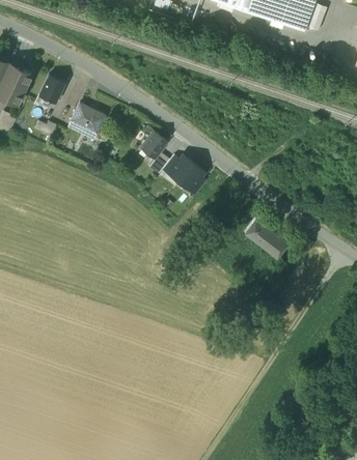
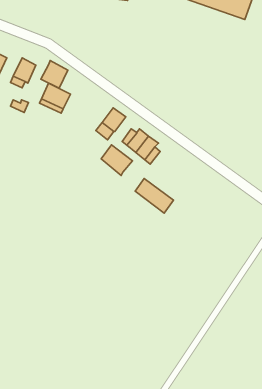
building: none -> [41,60,68,88]
building: none -> [101,145,132,175]
building: [245,217,289,256] -> [135,178,173,213]

